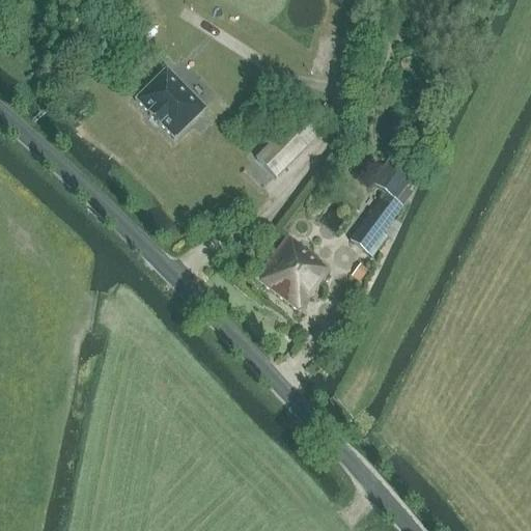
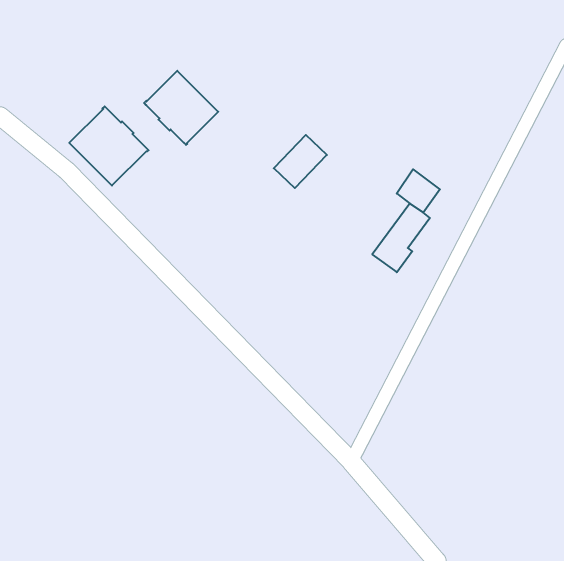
building: none -> [69,106,149,186]
building: [257,234,331,310] -> none

